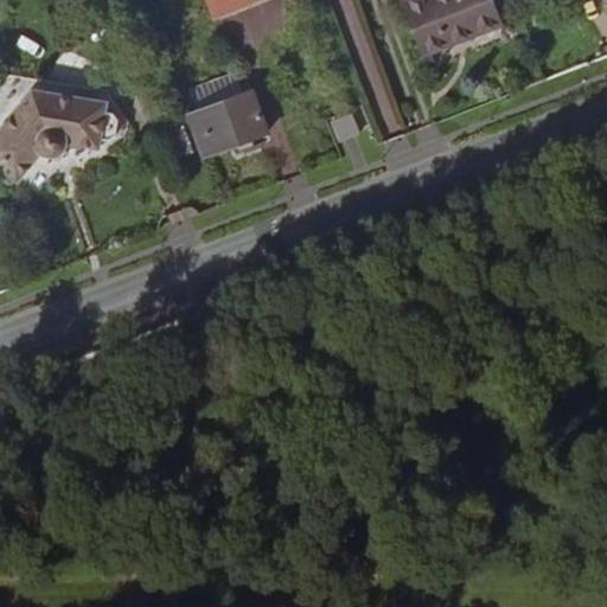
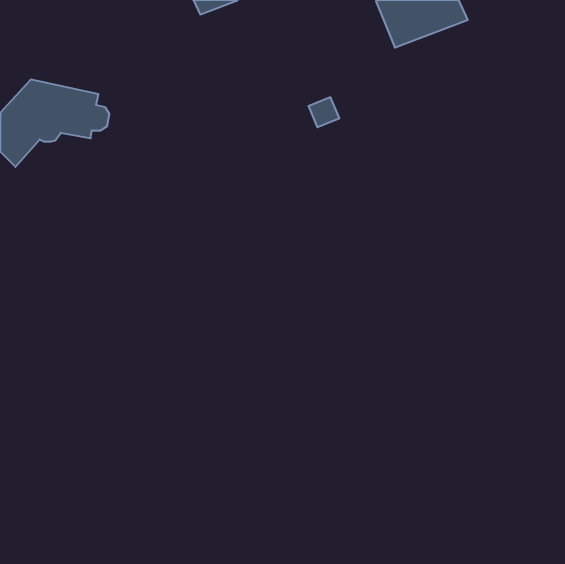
building: [186,90,260,154] -> none

